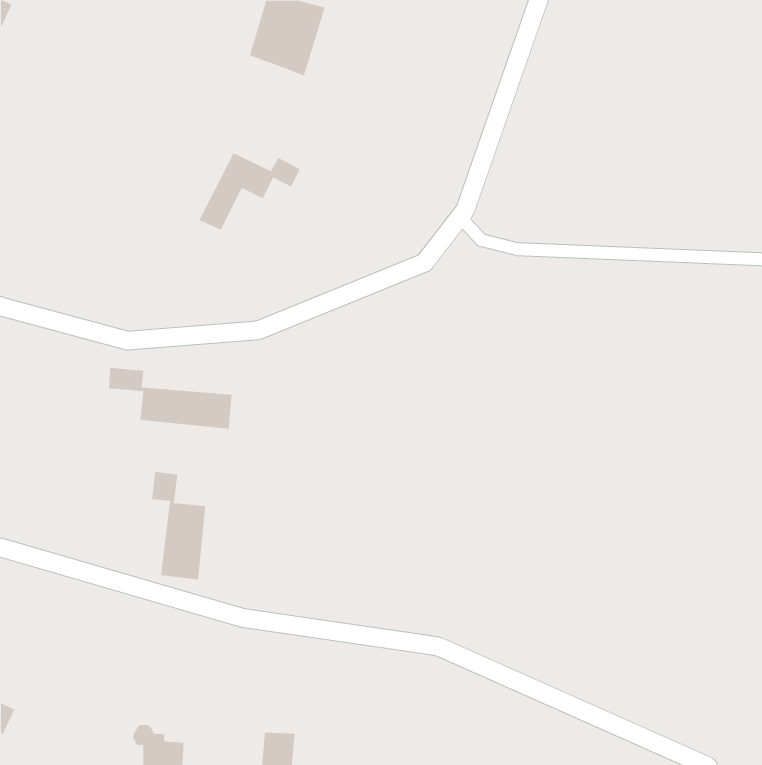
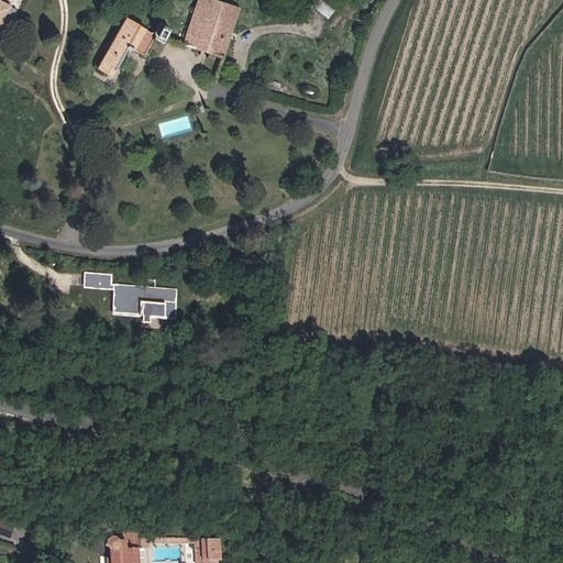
building: [199,153,301,231] -> [97,19,172,76]
building: [151,471,206,580] -> none

